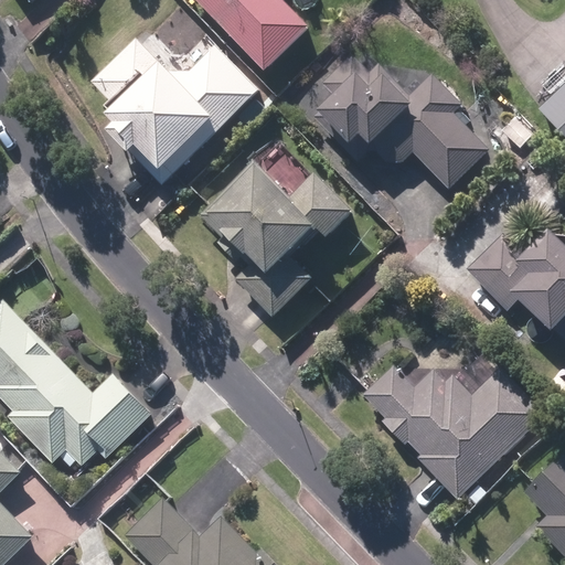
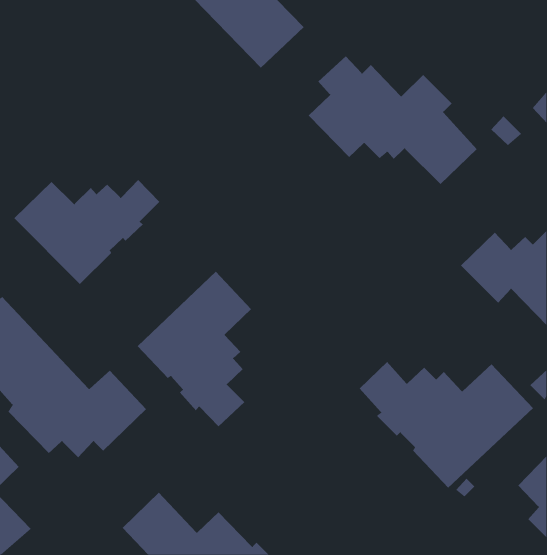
building: [90,39,262,185] -> none
building: [204,162,358,316] -> none
building: none -> [14,179,160,285]
building: none -> [137,271,252,427]

